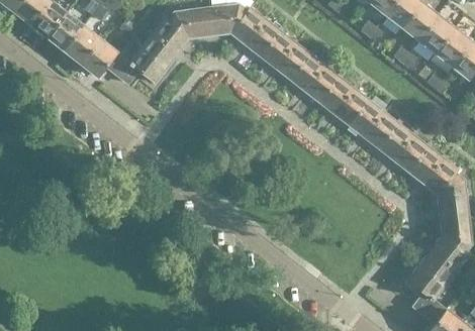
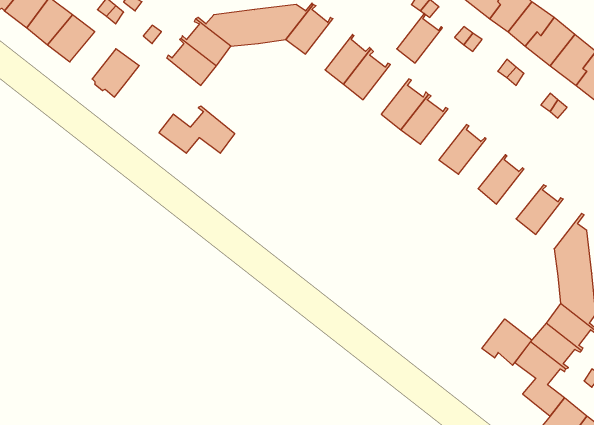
building: [246,17,282,57] -> none
building: [64,27,99,64] -> none
building: [106,47,165,84] -> [159,106,235,153]
building: [290,52,325,91] -> [397,13,442,63]
building: [335,87,370,126] -> none
building: [364,110,400,148] -> none
building: [393,133,430,172] -> none
building: [423,156,459,195] -> none
building: none -> [482,319,532,365]

